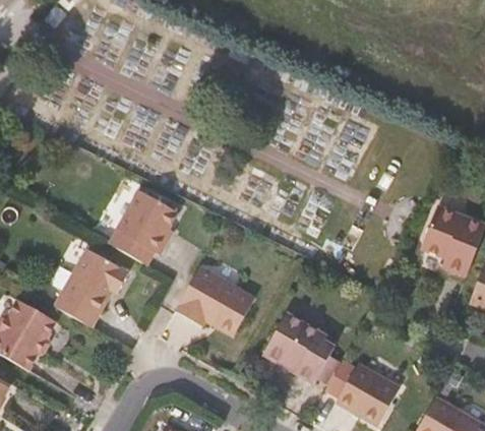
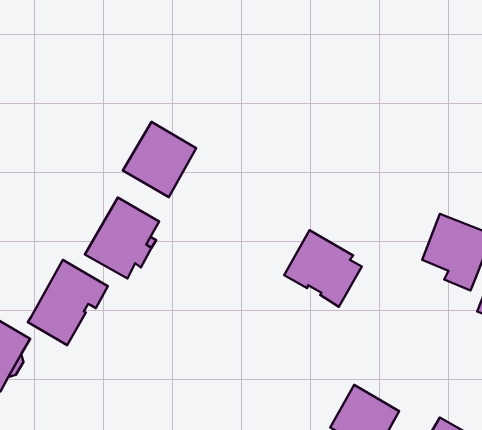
building: none -> [123,122,196,197]
building: [174,266,254,336] -> none
building: [262,313,335,384] -> [284,230,362,307]

